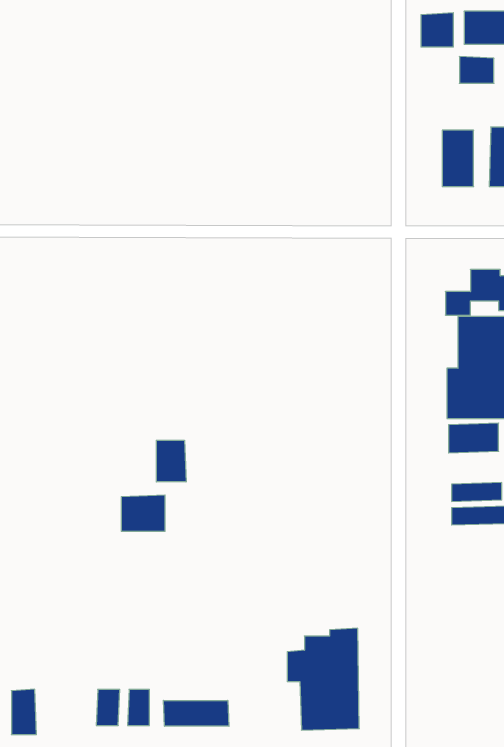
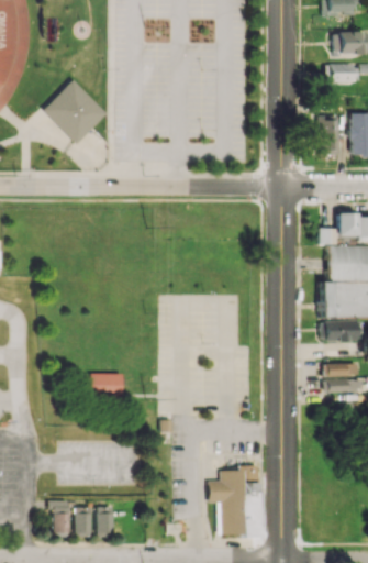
building: [421,13,453,47] -> none
building: none -> [43,81,105,144]
building: [156,440,186,482] -> none
building: [11,689,36,735] -> [52,500,69,532]
building: [163,700,229,726] -> none

